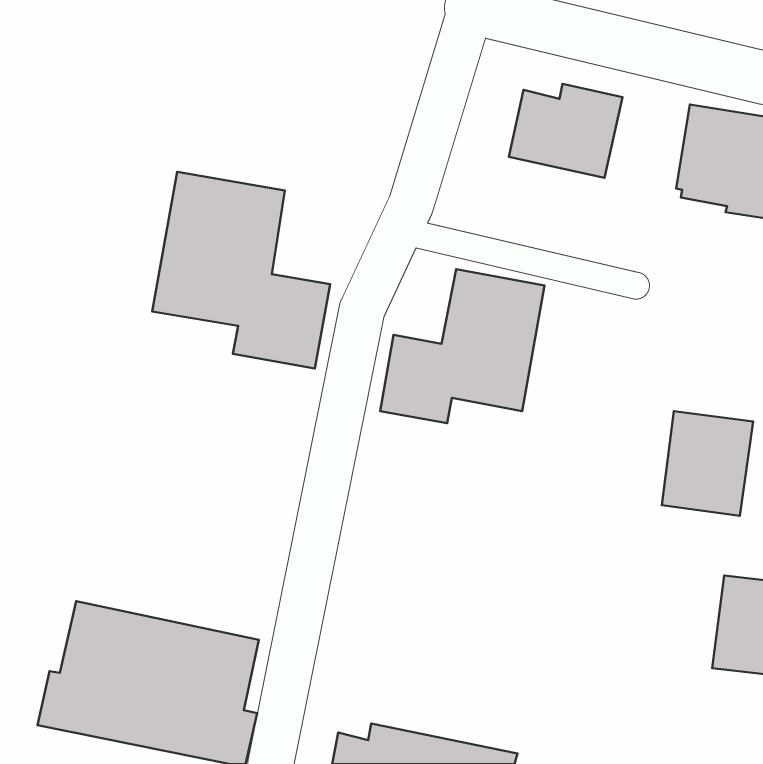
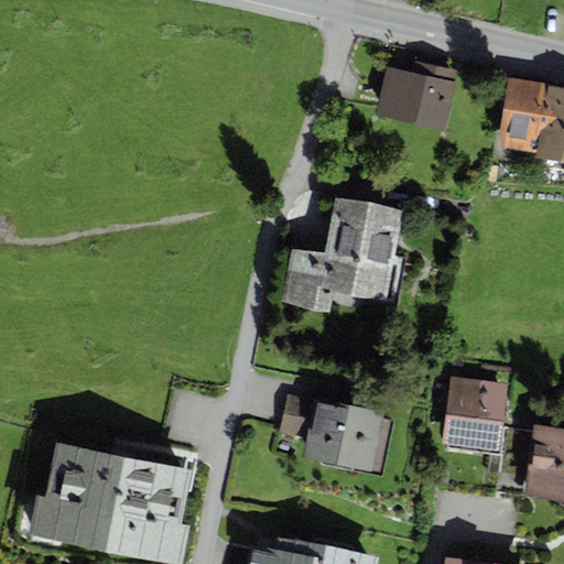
building: [152,172,330,369] -> none
building: [662,411,753,516] -> [442,376,509,453]
building: none -> [280,393,393,476]

